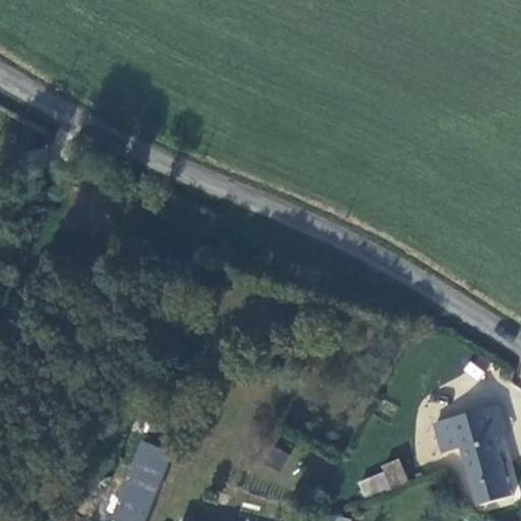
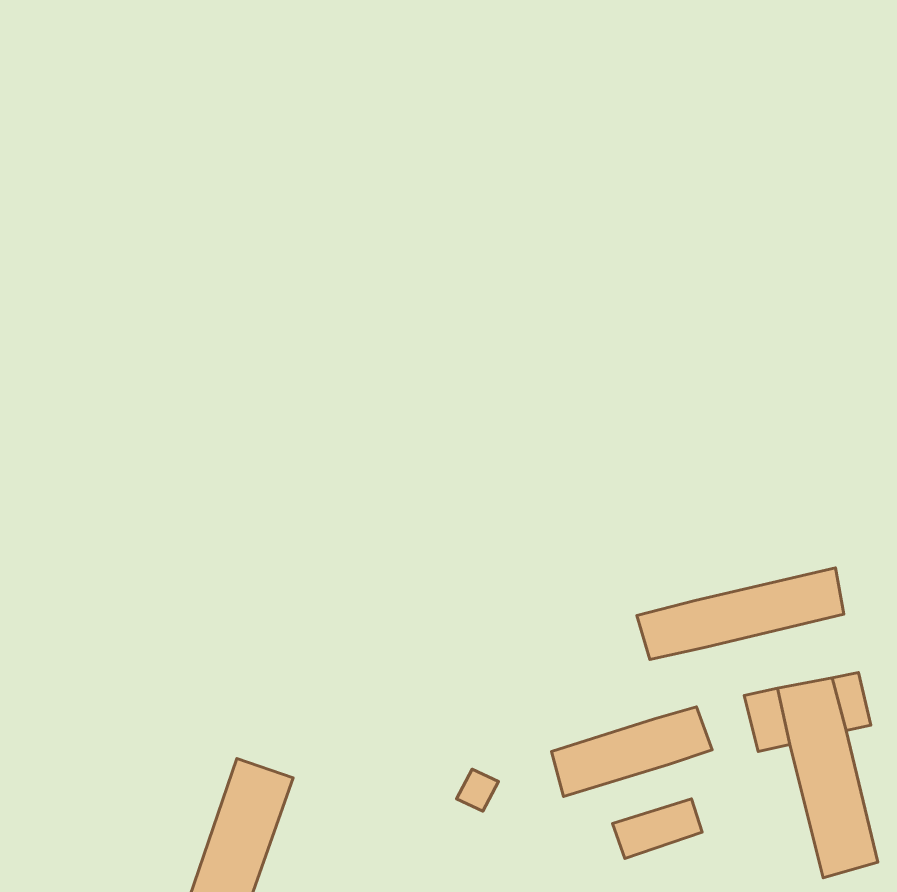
building: none -> [637,568,844,659]
building: none -> [552,707,712,797]

